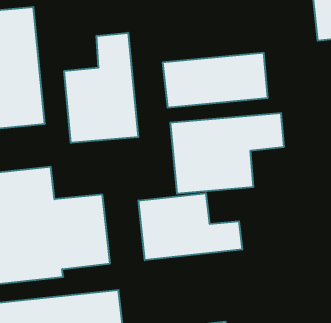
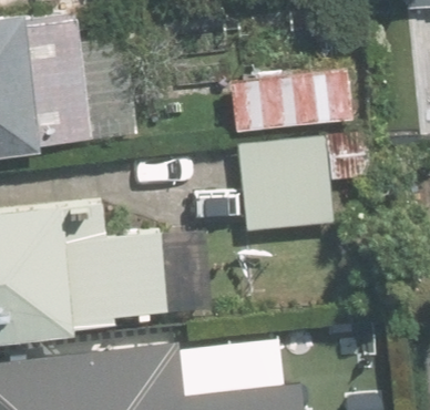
building: [64,33,138,143] -> none
building: [139,193,242,260] -> none

